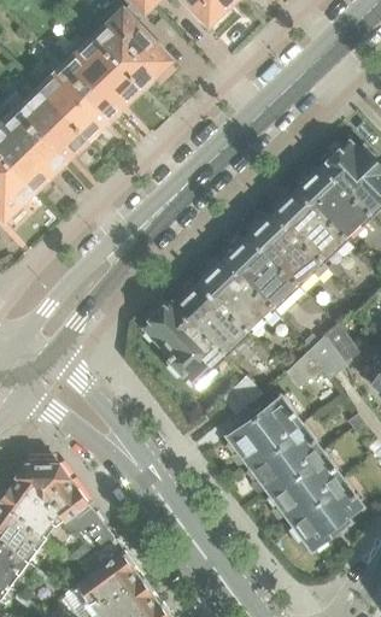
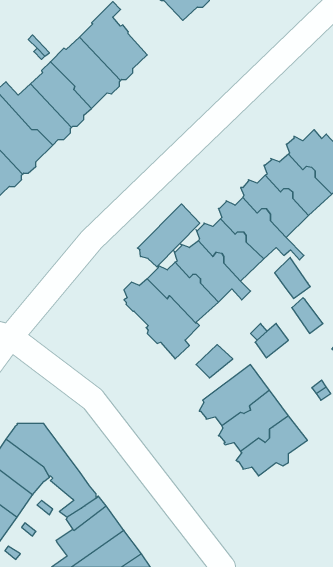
building: none -> [137,204,200,267]
building: [309,334,347,378] -> [275,257,310,299]
building: [286,477,362,550] -> none

